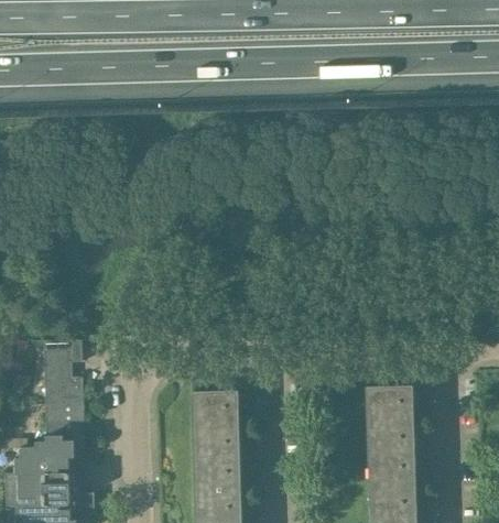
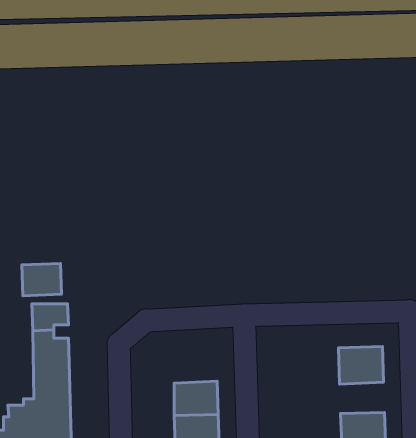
building: none -> [22,263,61,296]
building: [192,393,238,426] -> none
building: [367,425,414,458] -> none

